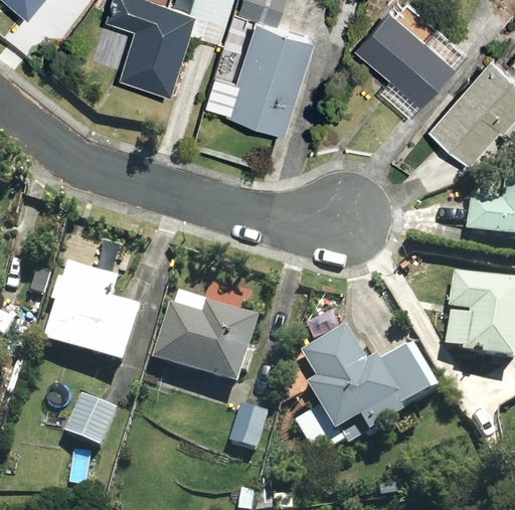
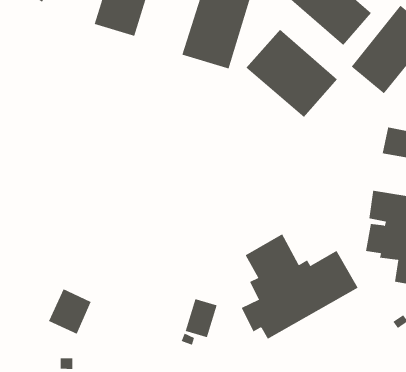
building: none -> [246,29,338,118]
building: [44,260,141,363] -> none
building: [153,298,261,383] -> none

